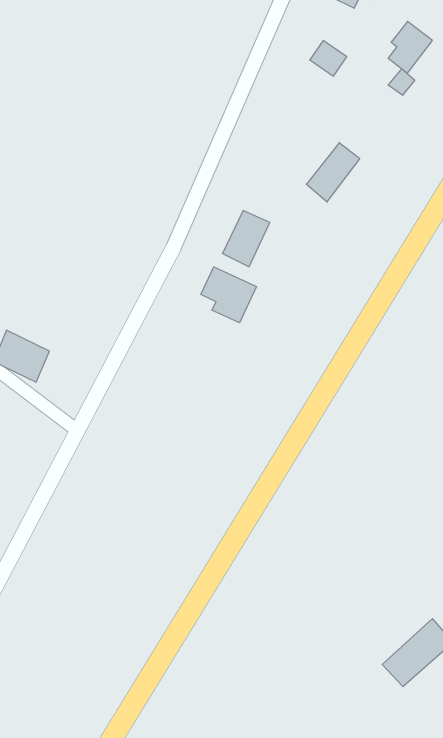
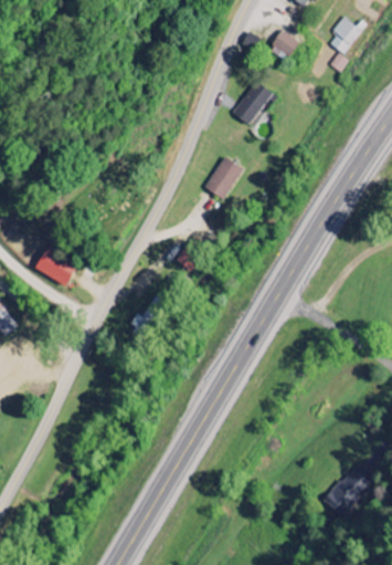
building: [306,143,360,202] -> [232,82,272,126]
building: [201,267,257,323] -> none

